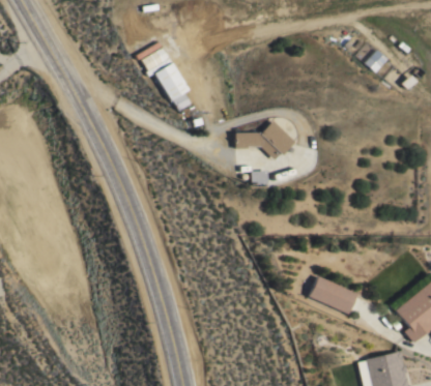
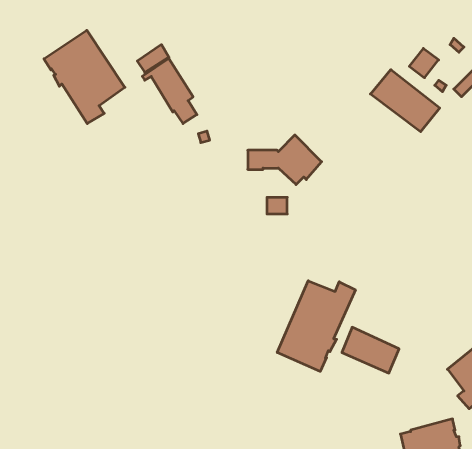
building: none -> [44,30,125,124]
building: none -> [370,70,440,132]
building: none -> [277,281,355,371]

